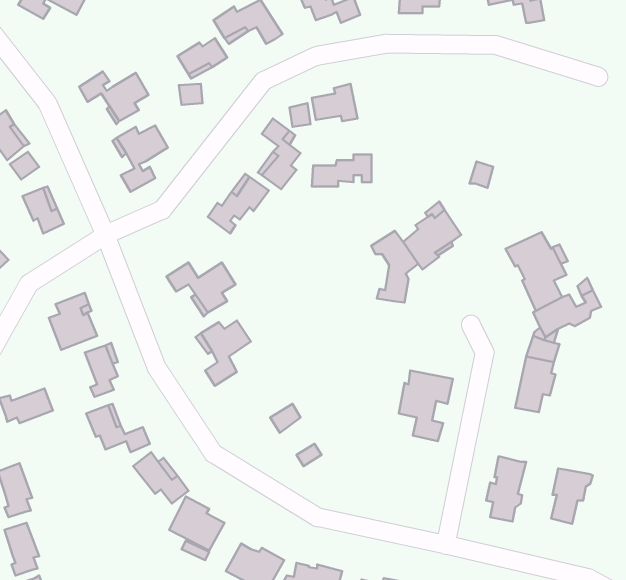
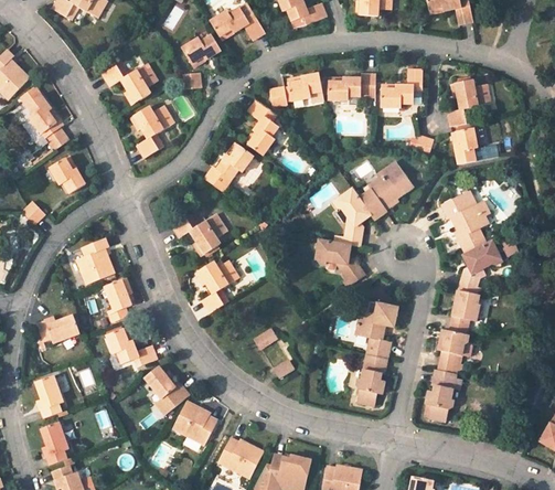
building: none -> [380,65,421,104]
building: none -> [445,77,488,125]
building: none -> [452,126,474,163]
building: [312,155,371,186] -> [327,71,374,96]
building: none -> [317,239,364,286]
building: none -> [356,352,386,405]
building: [551,469,593,524] -> [436,329,469,373]

